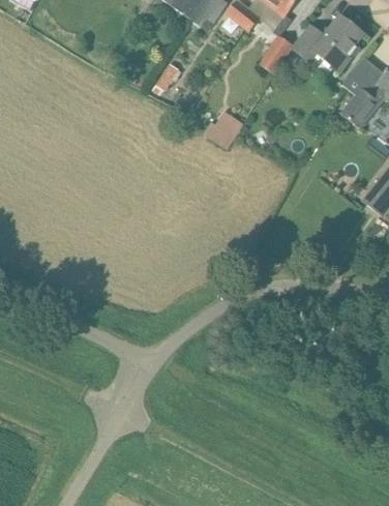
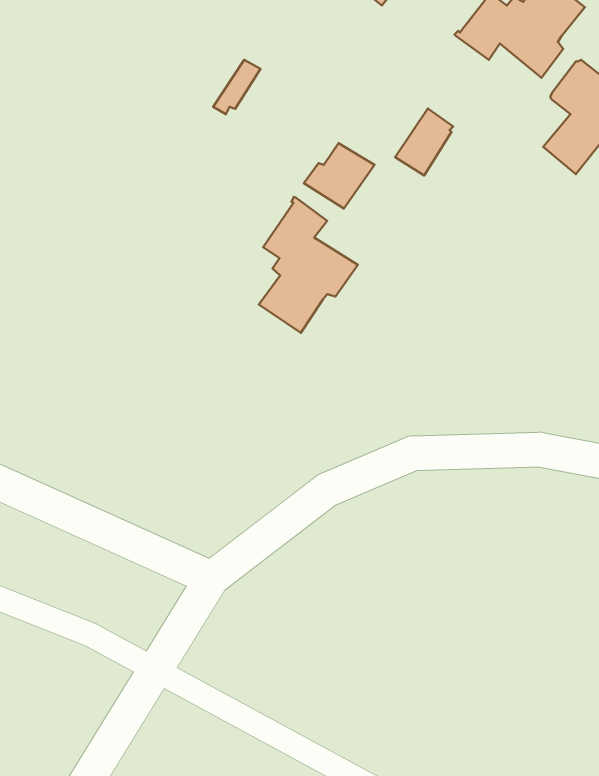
building: [259,35,292,73] -> [395,108,453,175]
building: none -> [259,197,358,333]

